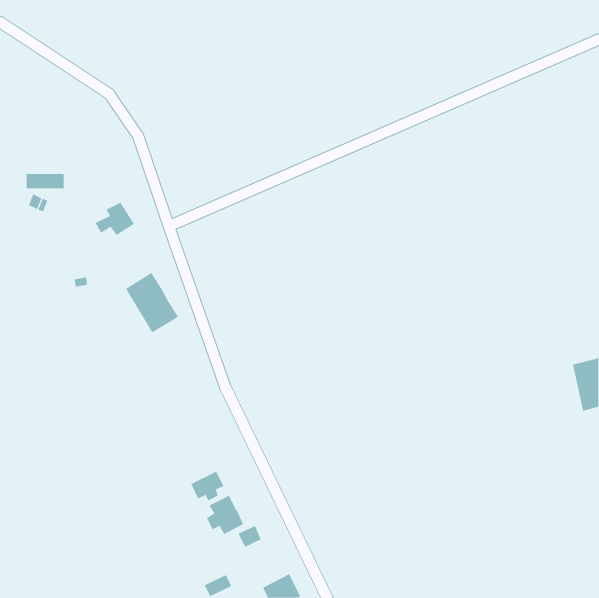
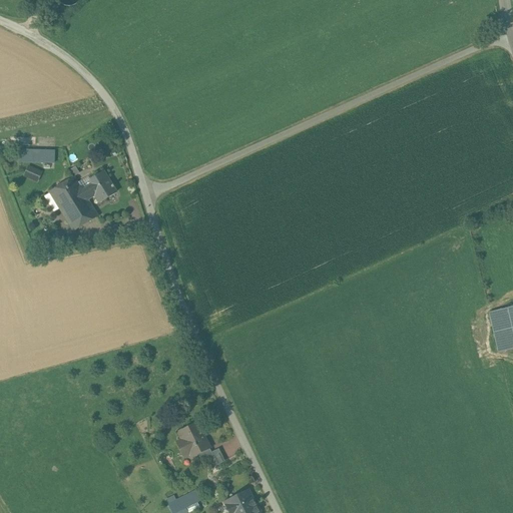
building: [125,272,179,333] -> [50,177,96,229]
building: [191,470,224,501] -> none

